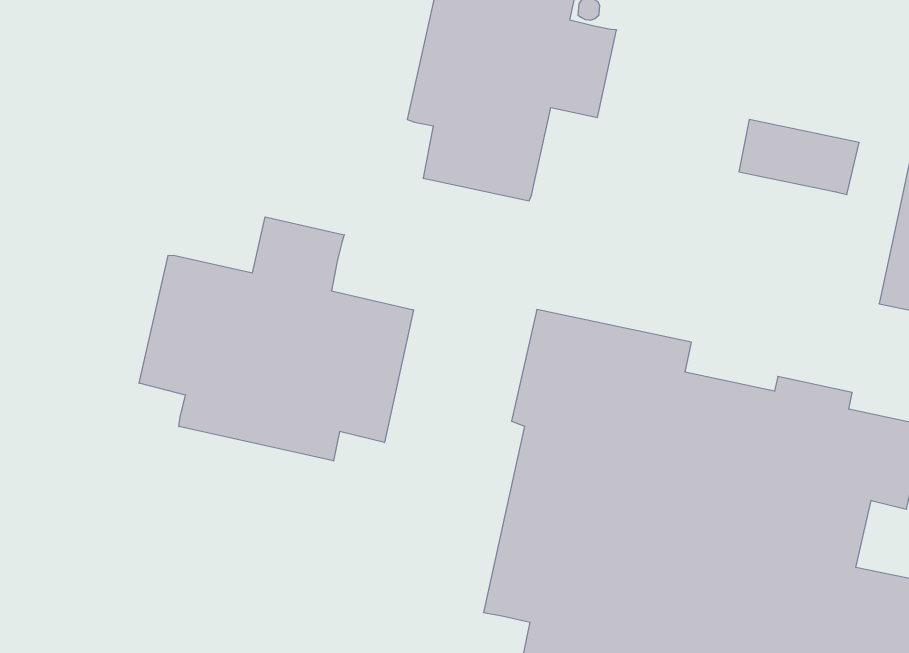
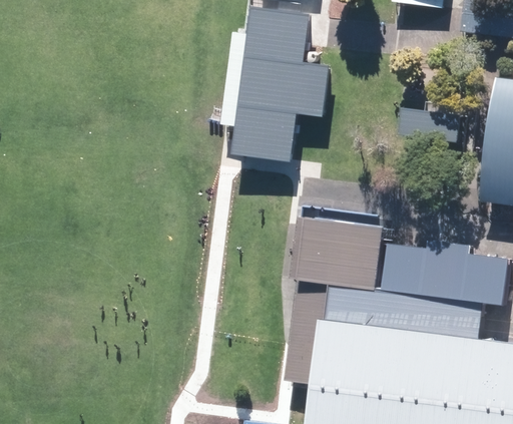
building: [139,217,413,461] -> none

